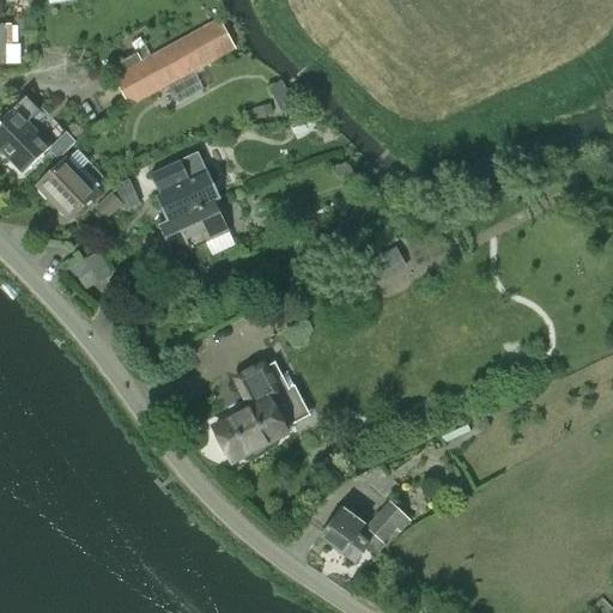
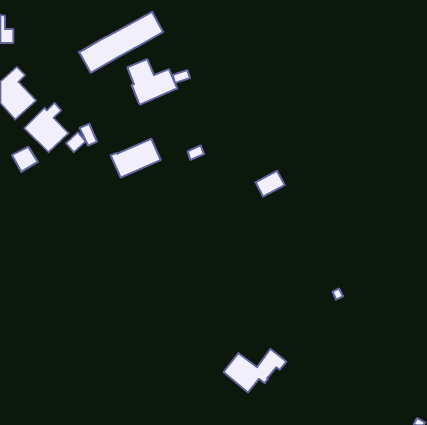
building: [151,156,223,220] -> [127,59,177,104]
building: [75,250,113,286] -> [12,147,38,172]
building: [214,360,296,459] -> none

